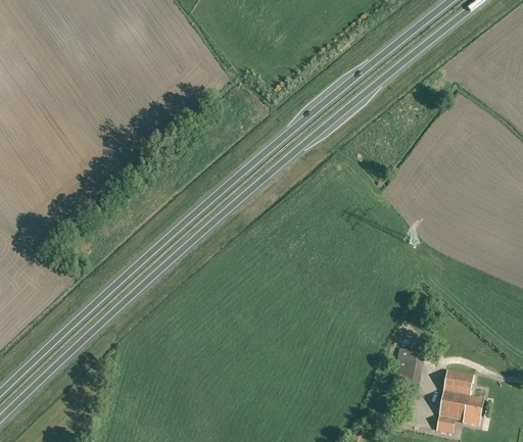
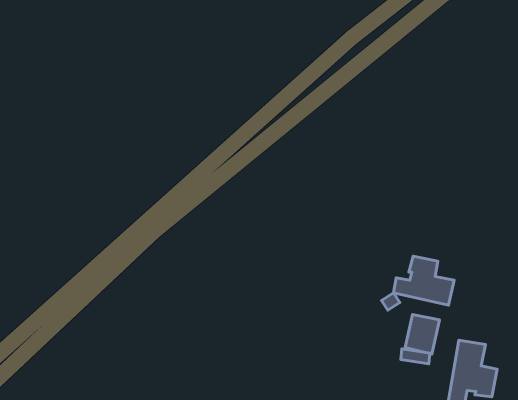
building: none -> [393,256,454,305]

